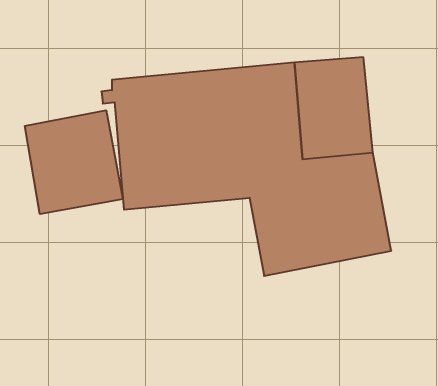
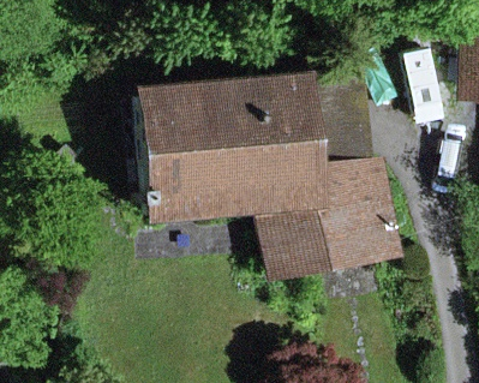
building: [25,110,123,214] -> none

